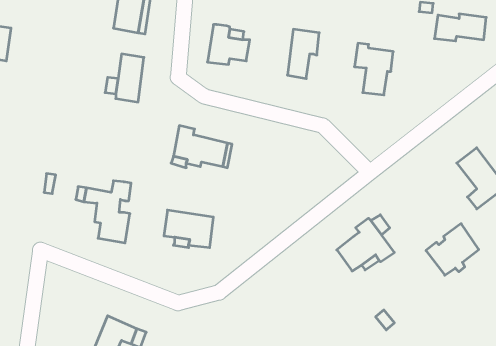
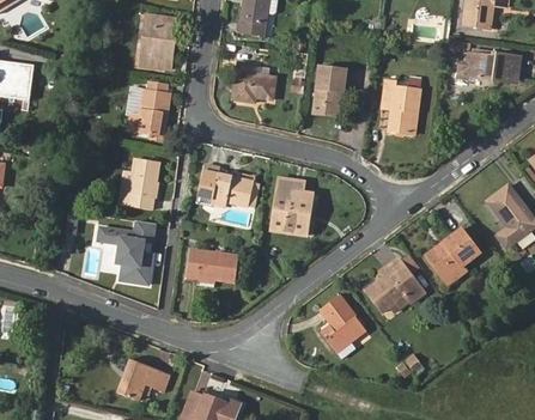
building: none -> [117,159,158,209]
building: none -> [273,181,315,237]
building: [426,224,479,275] -> [424,229,478,281]
building: none -> [321,296,364,352]

